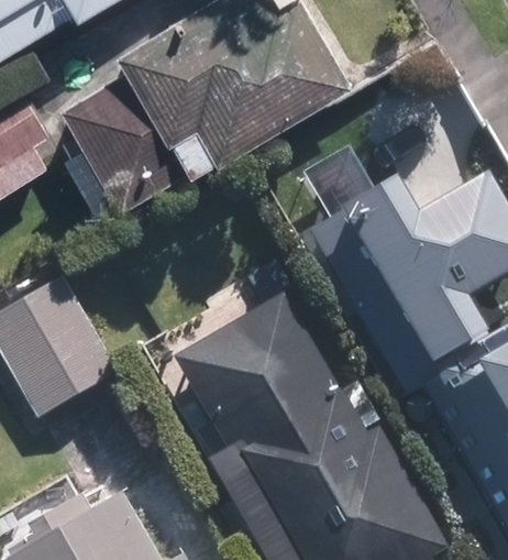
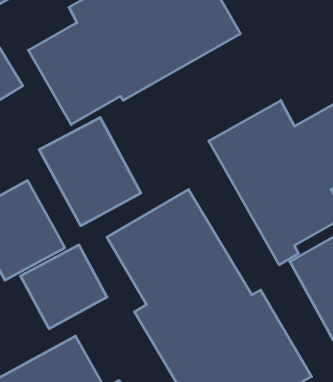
building: none -> [39,117,141,226]
building: none -> [20,245,107,329]

